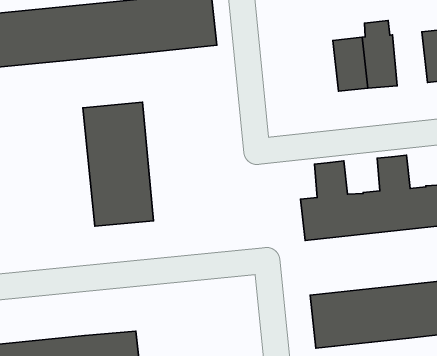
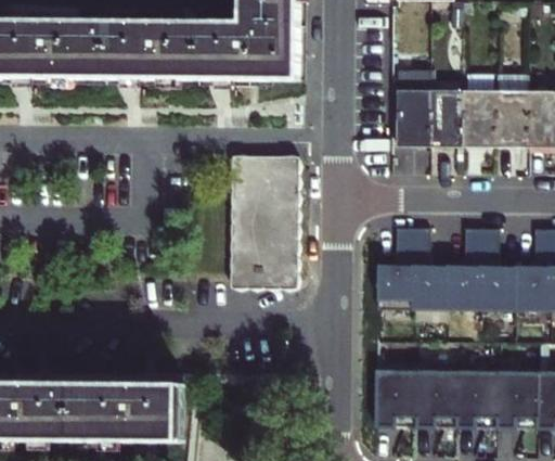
building: none -> [495,75,529,148]
building: none -> [397,90,430,146]
building: [83,102,153,226] -> [233,156,300,289]

